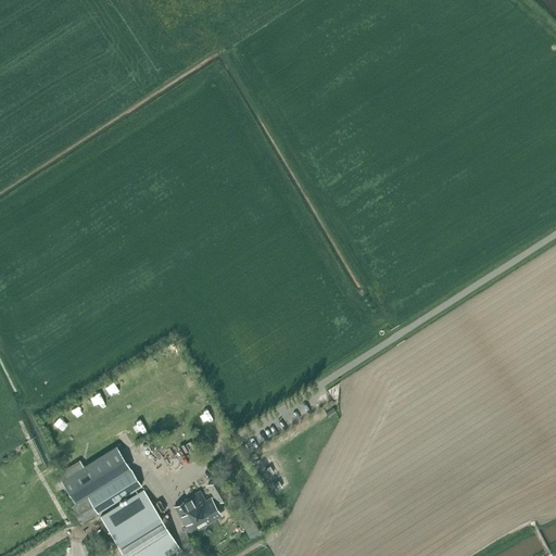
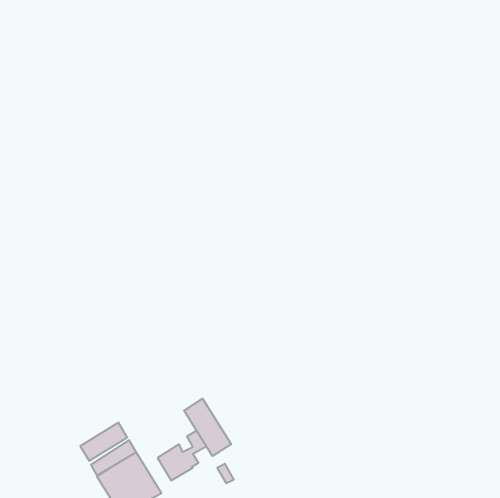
building: none -> [184,399,231,456]
building: [52,447,130,504] -> none

